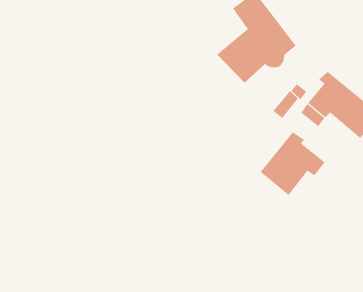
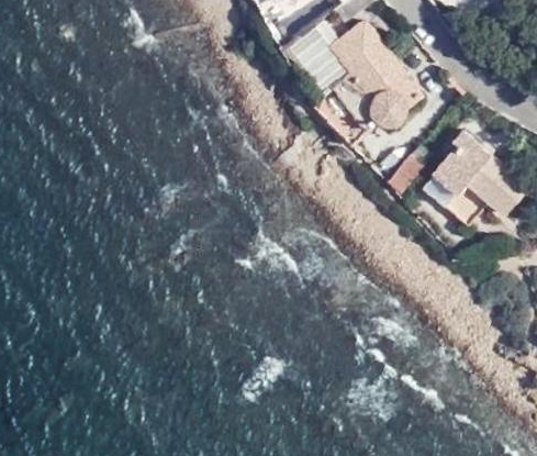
building: [260,131,325,196] -> none

